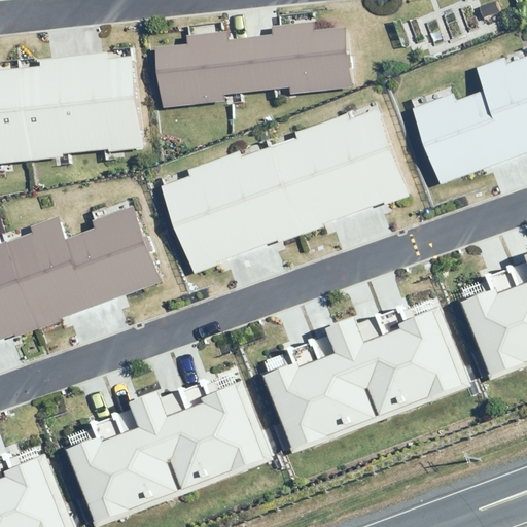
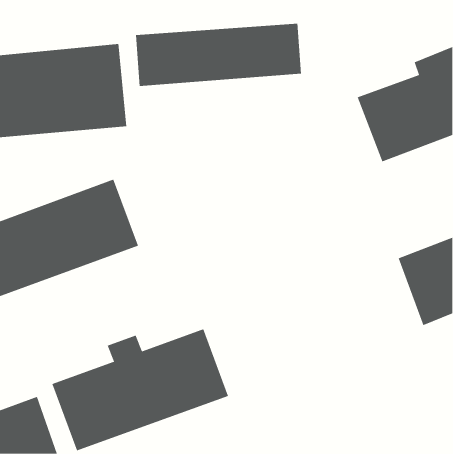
building: [167,105,407,274] -> none
building: [259,310,464,452] -> none

